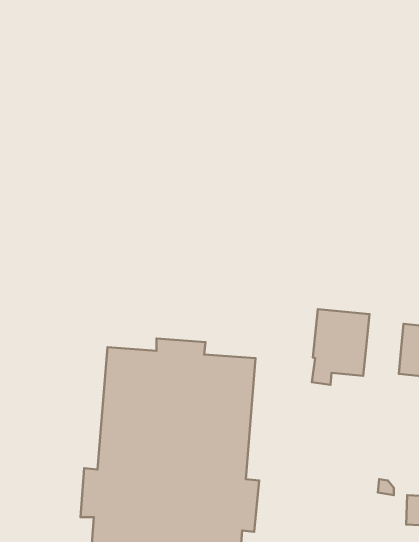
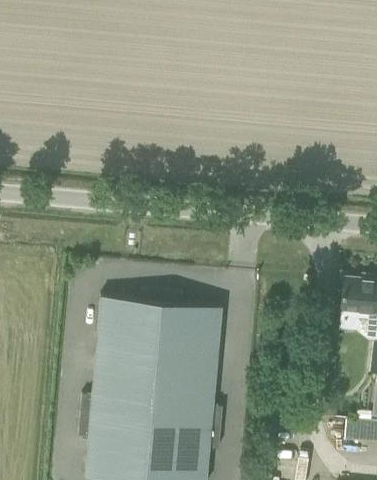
building: [312,309,369,385] -> none

